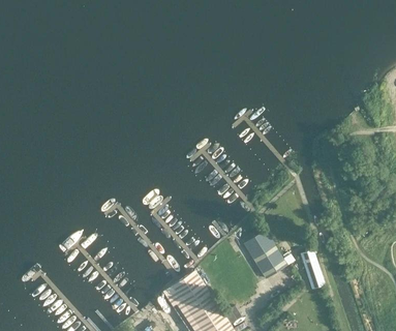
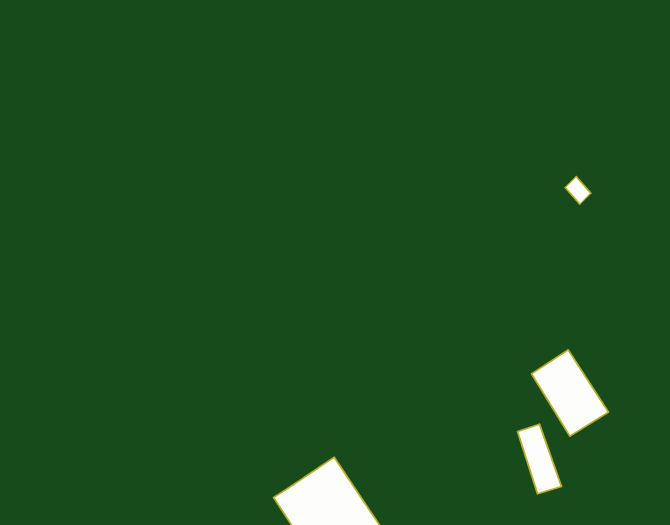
building: [243,231,286,279] -> [531,350,608,436]

